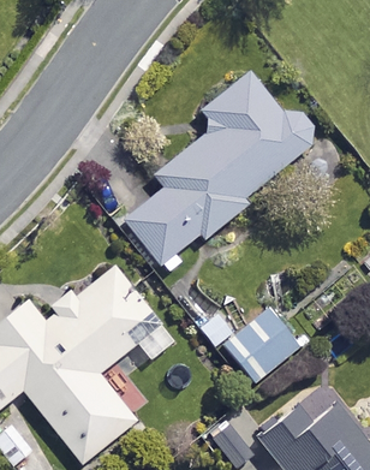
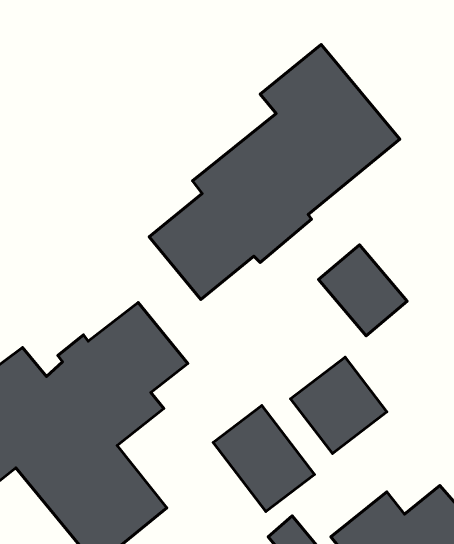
building: none -> [319,245,407,336]
building: none -> [213,405,315,512]

